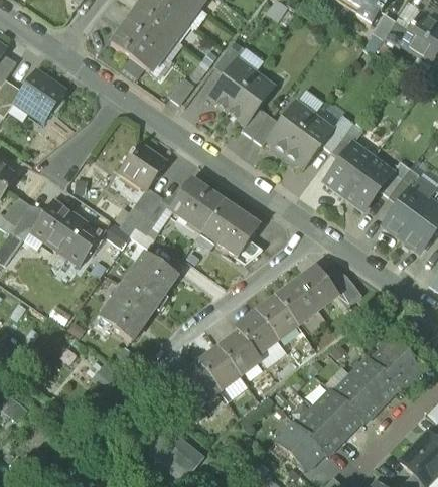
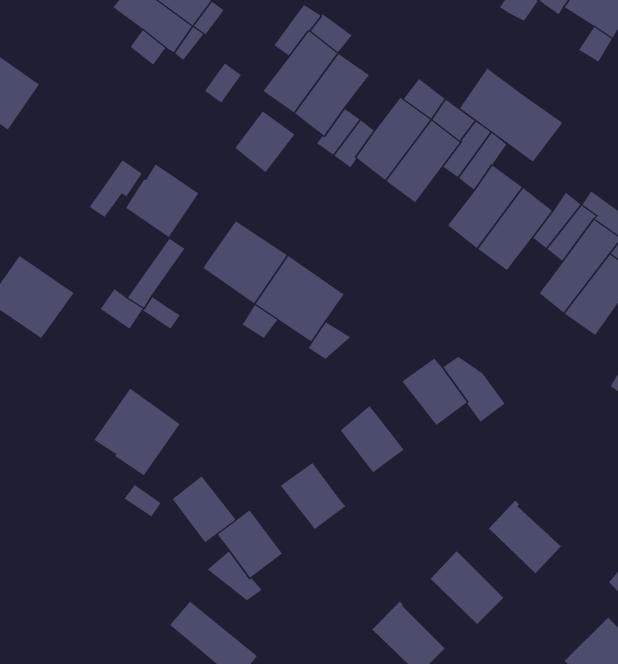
building: none -> [459,67,563,162]
building: none -> [235,111,295,173]
building: [136,196,170,233] -> [89,159,143,218]
building: [65,224,102,265] -> none
building: [122,252,177,308] -> none
building: [275,281,317,324] -> none
building: [235,312,277,355] -> none
building: [370,340,419,389] -> none
building: [198,347,240,390] -> [172,475,236,543]
building: [333,374,381,422] -> none
building: [296,407,343,454] -> none

